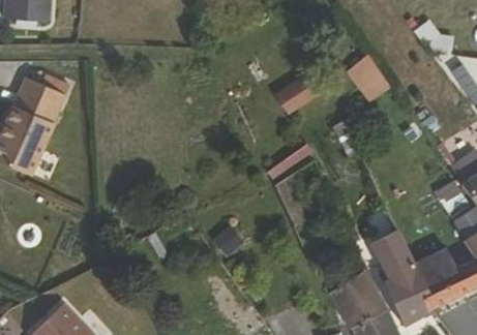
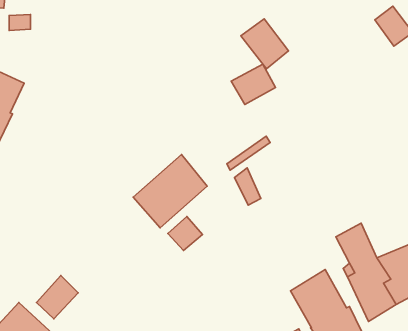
building: [344,53,390,101] -> [241,19,289,69]
building: none -> [133,155,207,228]
building: none -> [36,276,78,319]

